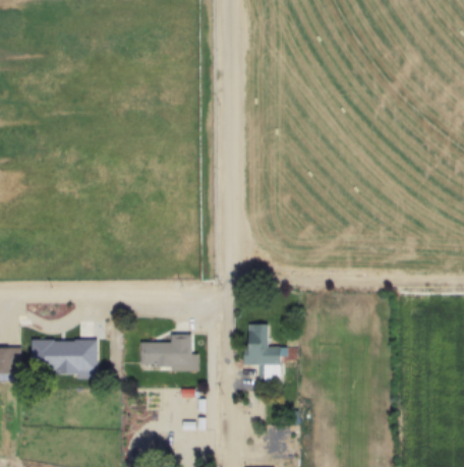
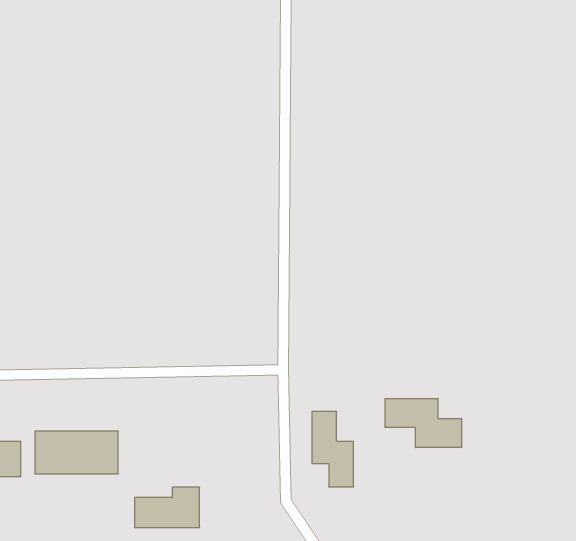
building: none -> [385,398,462,448]
building: [140,334,191,365] -> [135,487,200,528]

